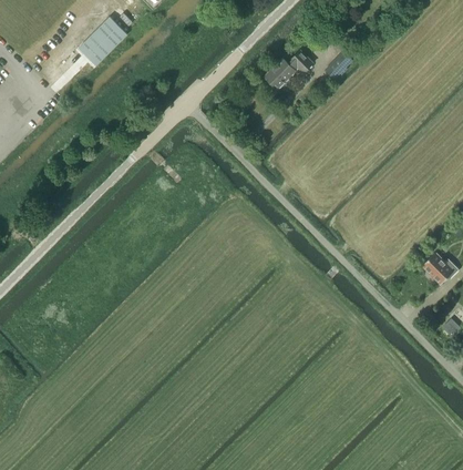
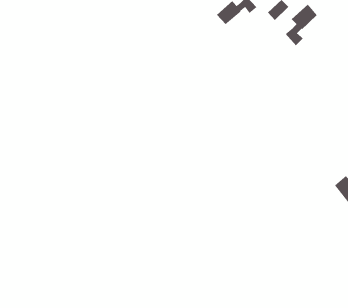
building: none -> [285,4,318,46]

